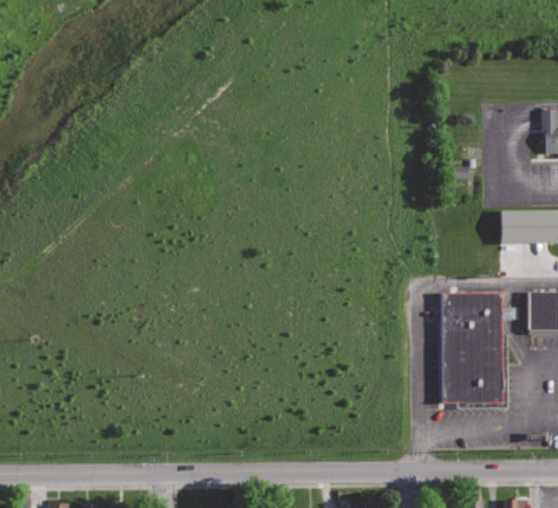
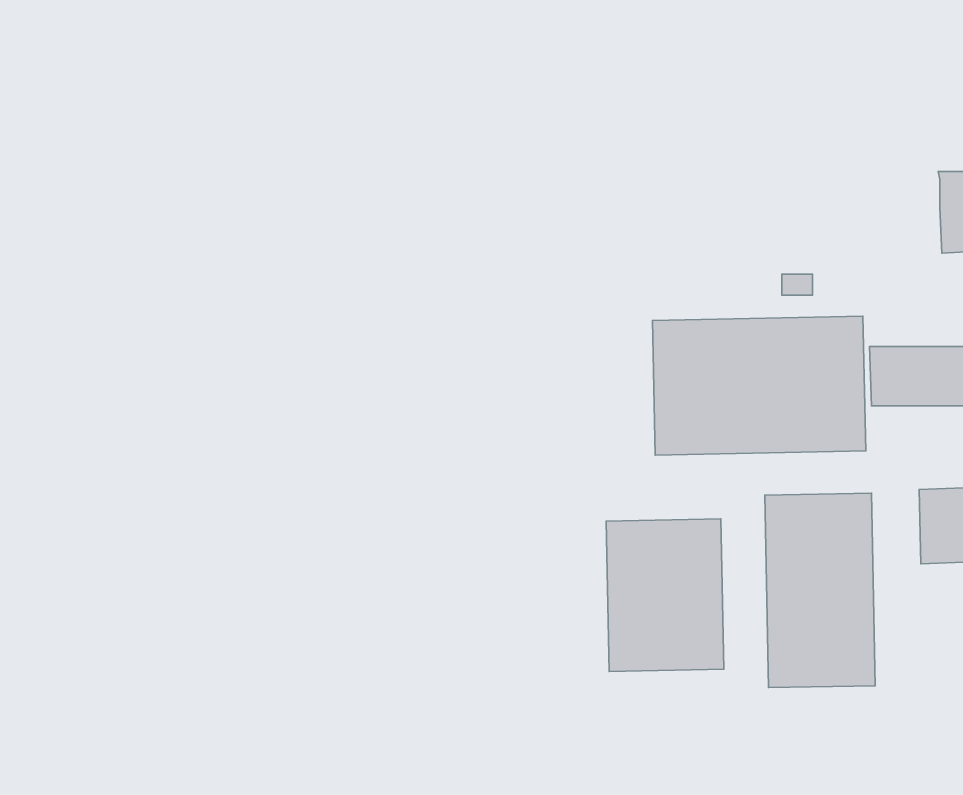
building: none -> [652,316,866,455]
building: none -> [606,519,724,671]

